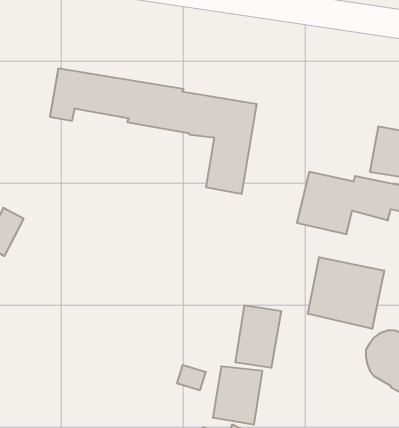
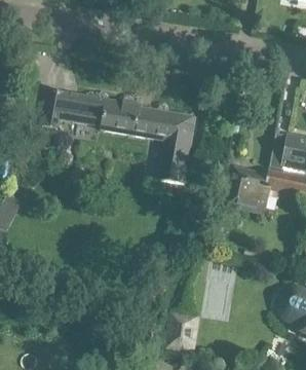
building: [308,257,384,329] -> none
building: [236,305,281,368] -> none

